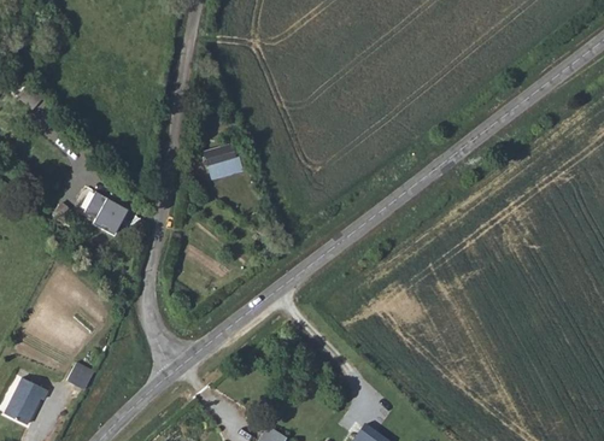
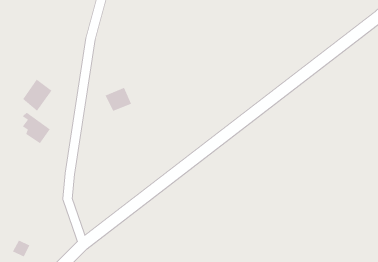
building: none -> [22,79,53,112]

